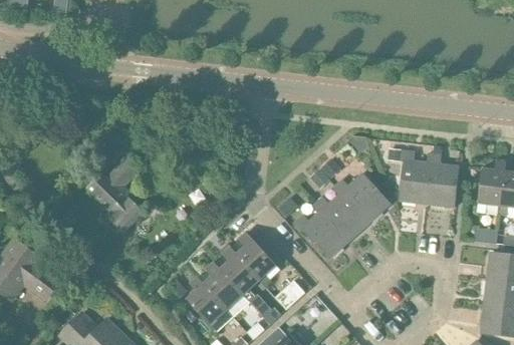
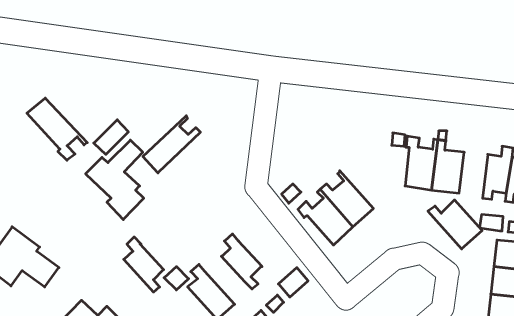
building: none -> [27,98,87,160]
building: none -> [143,116,200,173]
building: [335,174,389,222] -> [428,200,482,249]
building: [236,232,275,286] -> none
building: [203,262,242,316] -> [124,237,164,292]

